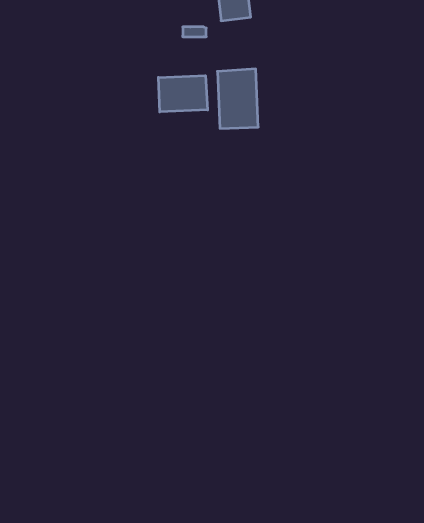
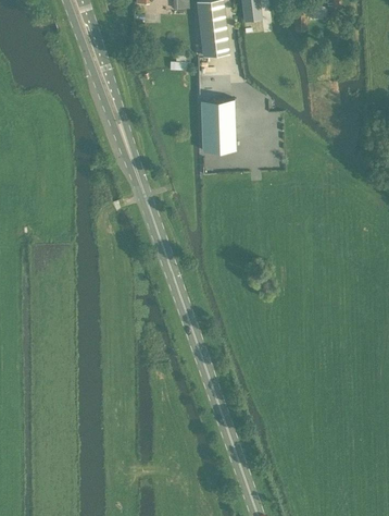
building: [158,76,208,112] -> none

